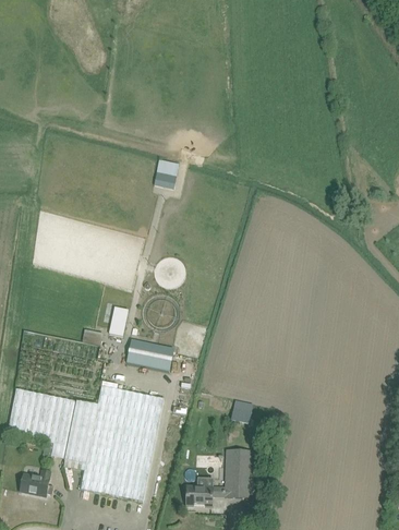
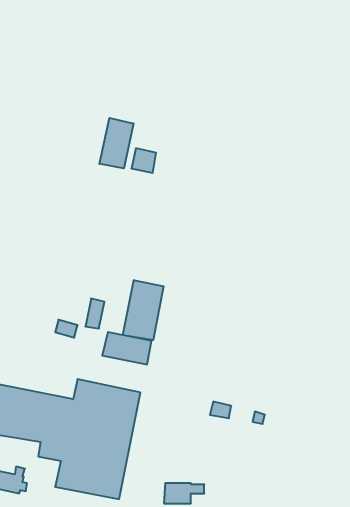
building: none -> [99,118,133,168]
building: none -> [123,280,164,340]
building: [225,449,252,497] -> none

